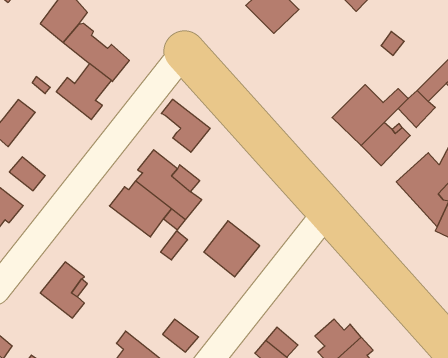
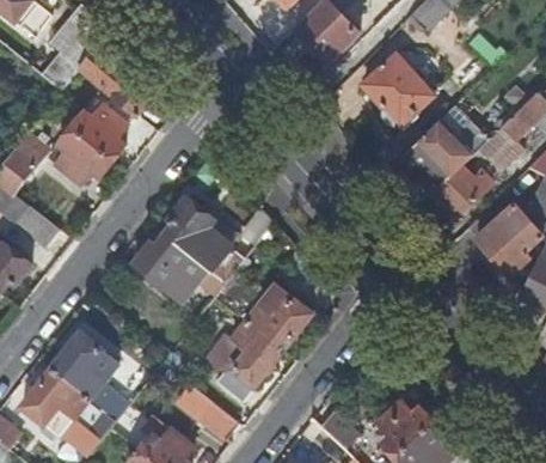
building: none -> [361,51,432,133]
building: none -> [47,128,111,184]
building: [161,99,210,152] -> none
building: none -> [217,319,282,401]
building: none -> [20,368,115,438]

